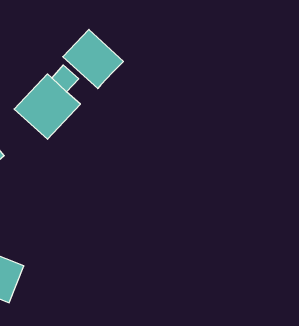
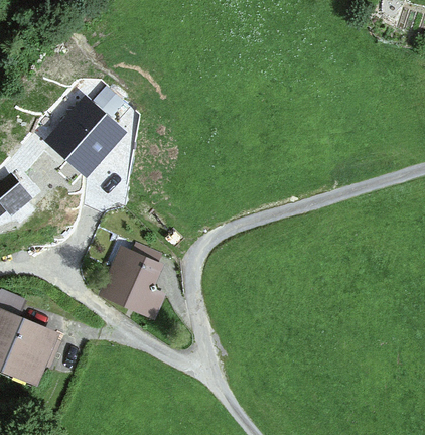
building: [63,29,123,89] -> none
building: none -> [110,254,160,309]

